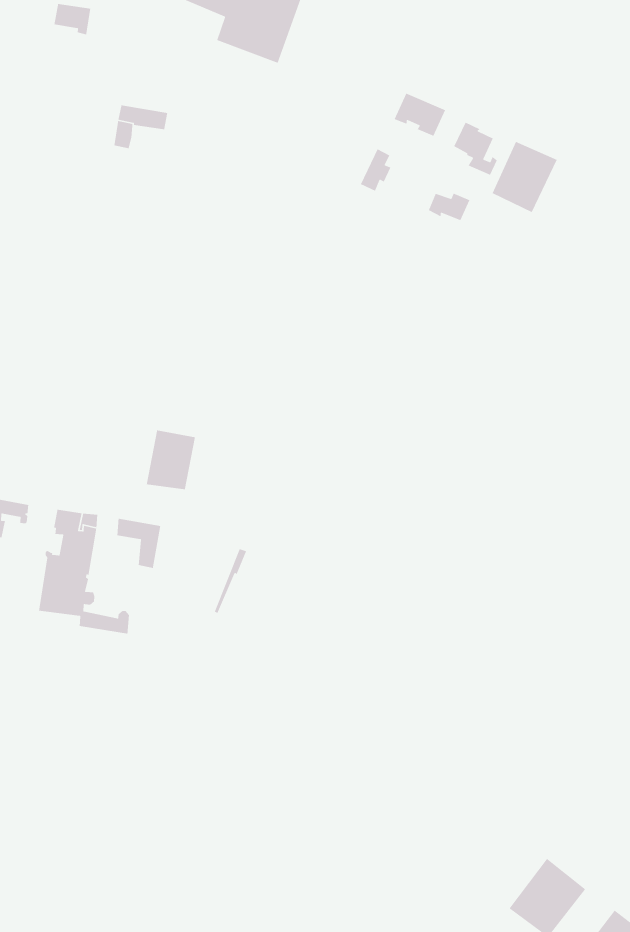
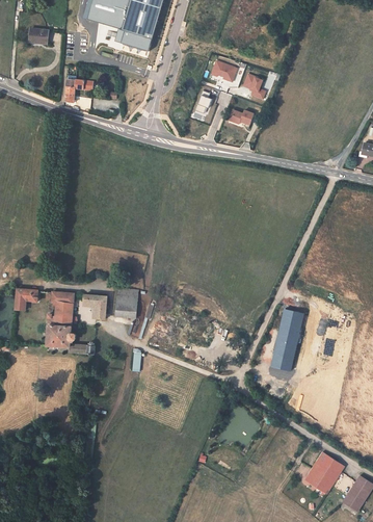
building: [491,141,558,213] -> none
building: [146,430,196,490] -> [114,288,138,318]
building: none -> [269,310,304,372]

